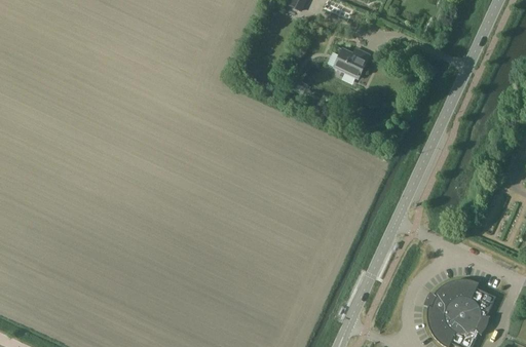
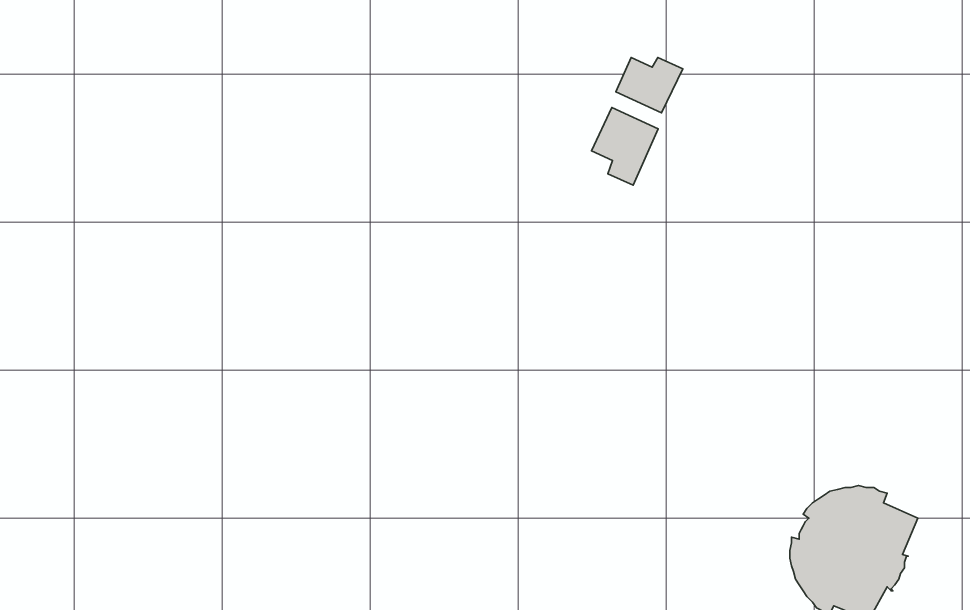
building: none -> [591,108,658,185]

